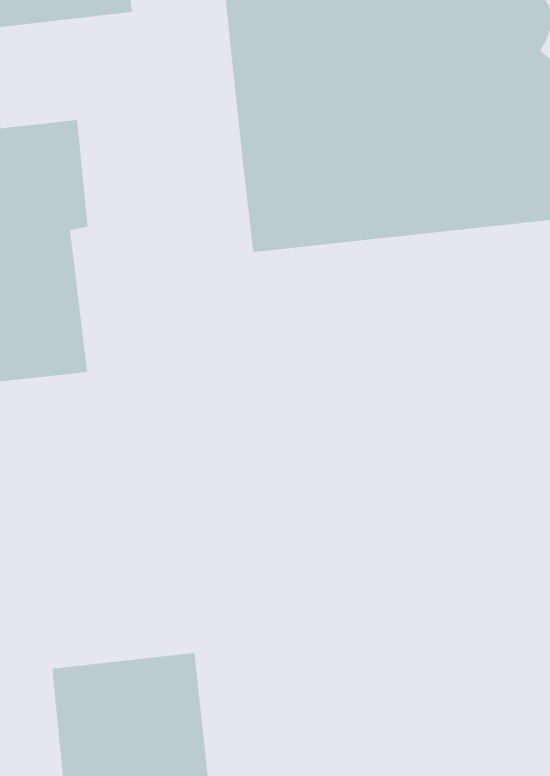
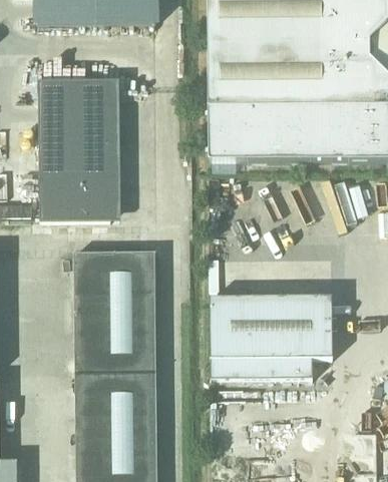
building: none -> [73,252,155,382]
building: none -> [210,296,332,379]

